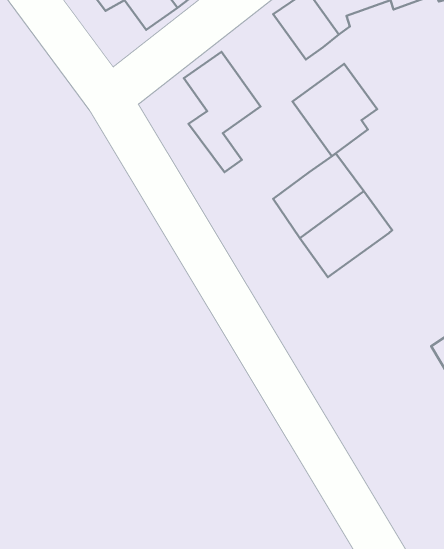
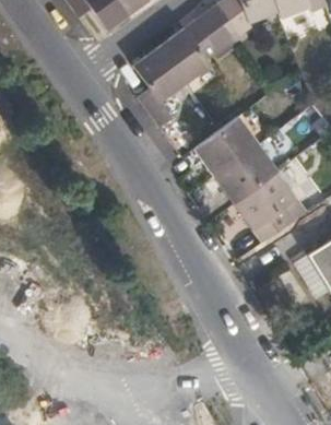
building: [293,64,377,156] -> [159,20,218,84]
building: none -> [234,173,304,239]

